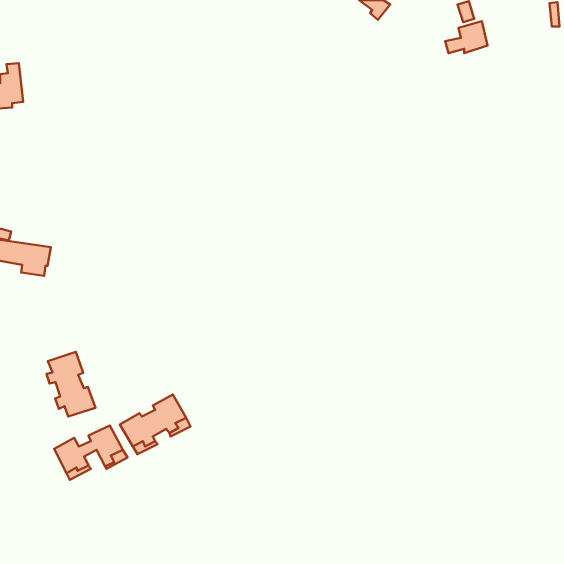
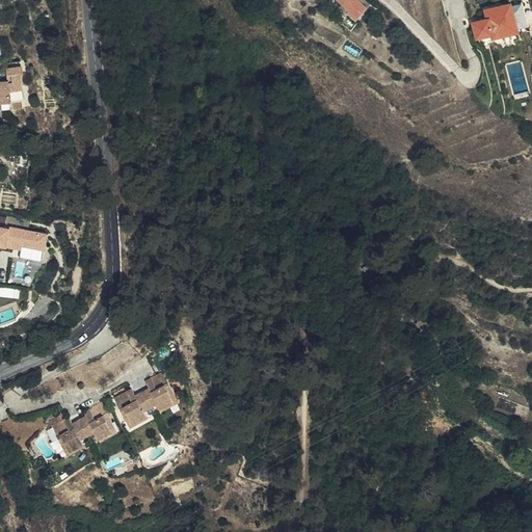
building: [445,21,487,53] -> [474,7,513,37]
building: [47,352,95,416] -> none

